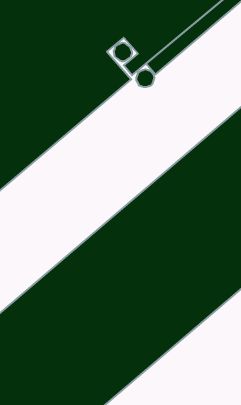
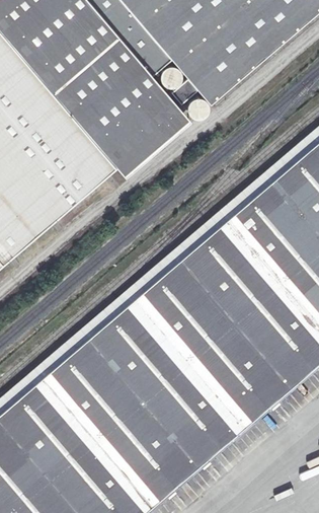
building: none -> [118,111,192,177]

